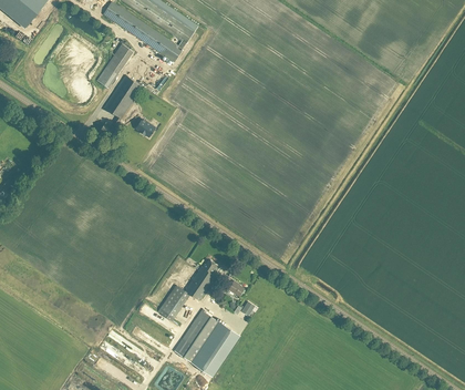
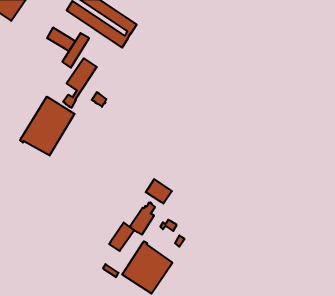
building: none -> [47,27,75,51]
building: none -> [20,97,75,156]
building: none -> [146,179,172,204]

